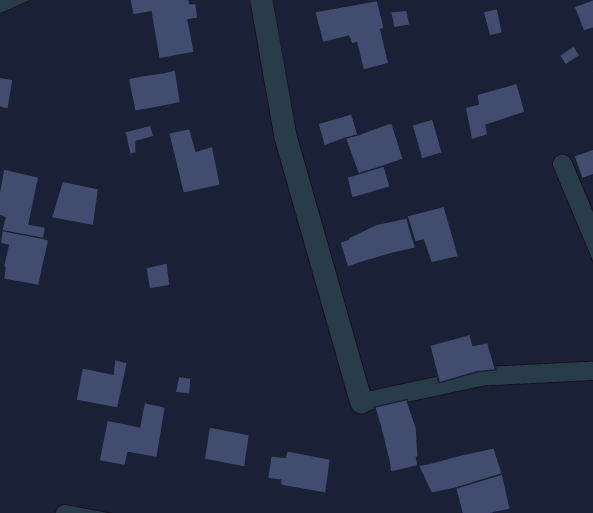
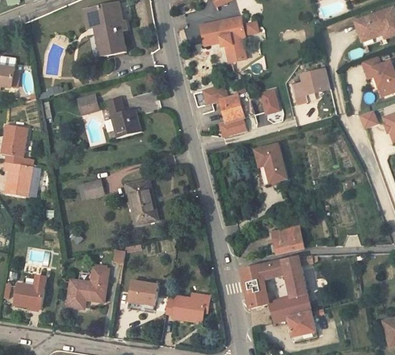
building: [128,70,180,111] -> none
building: [51,181,99,225] -> none
building: [340,218,416,268] -> none
building: none -> [125,181,155,227]
building: [76,360,128,408] -> [13,274,45,304]
building: none -> [255,253,314,299]

